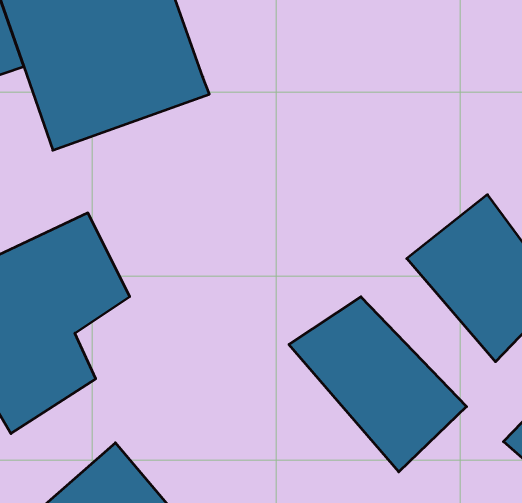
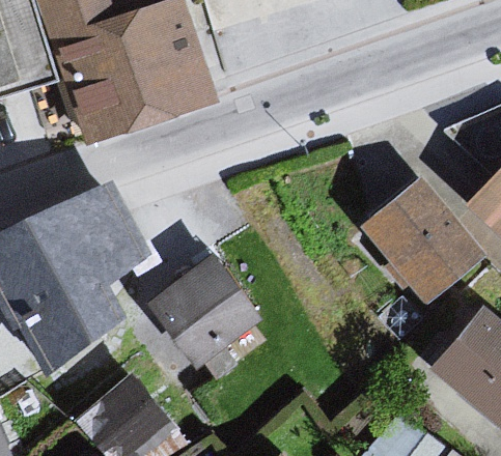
building: [289,297,467,472] -> none
building: none -> [152,261,263,370]

